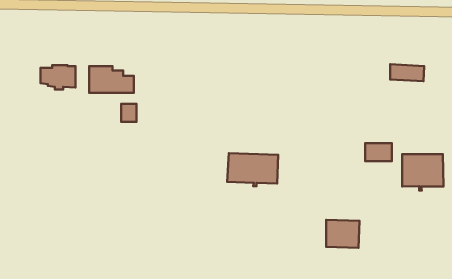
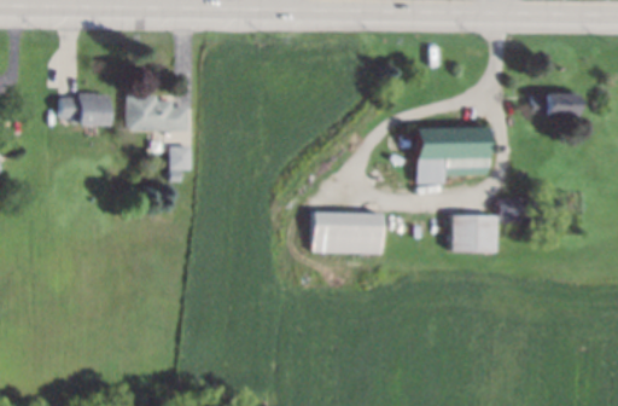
building: none -> [416,127,499,184]
building: [402,154,444,190] -> none
building: [326,220,359,248] -> [453,214,497,251]

